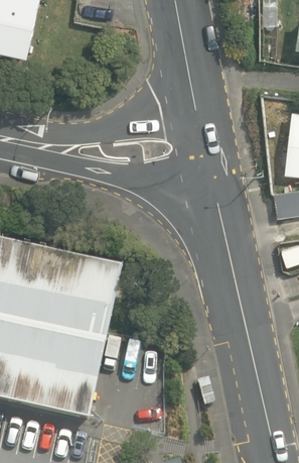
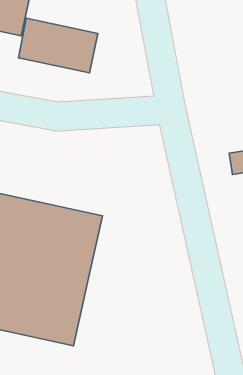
building: none -> [18,18,98,73]

